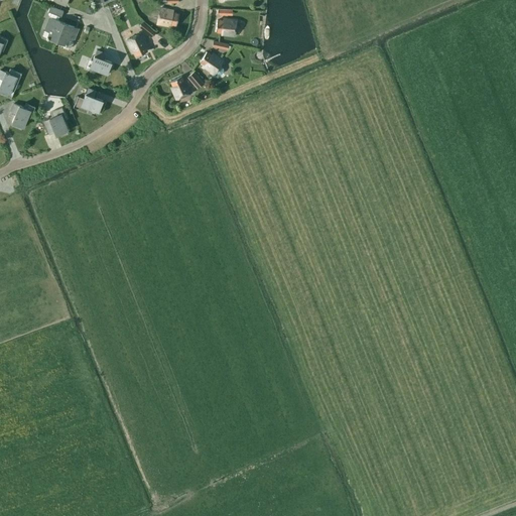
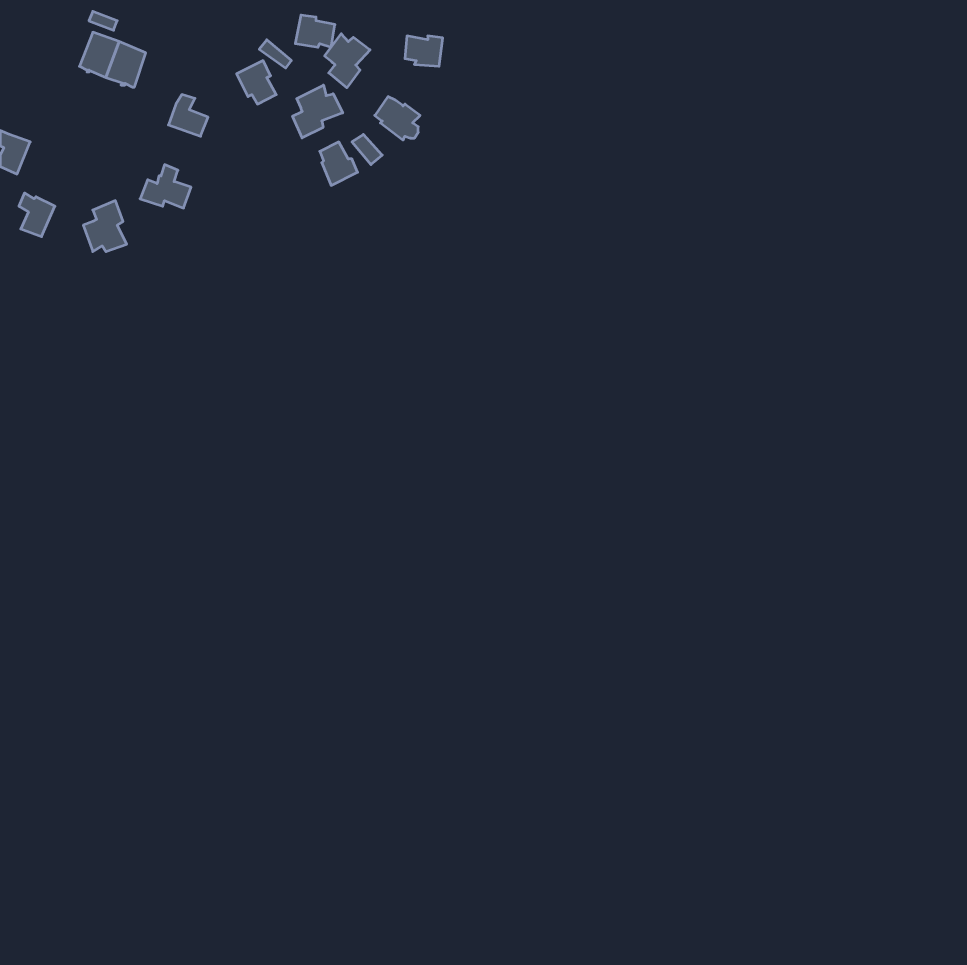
building: none -> [325,34,370,88]
building: none -> [293,85,343,138]

